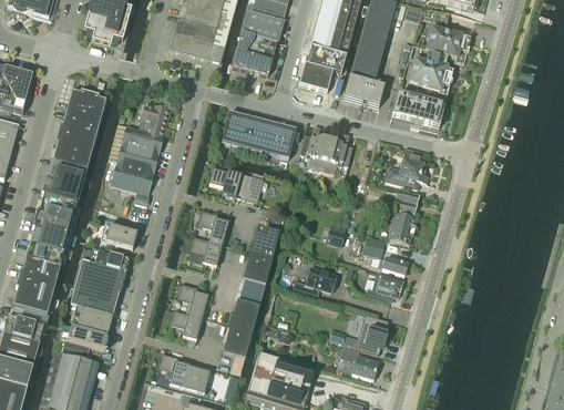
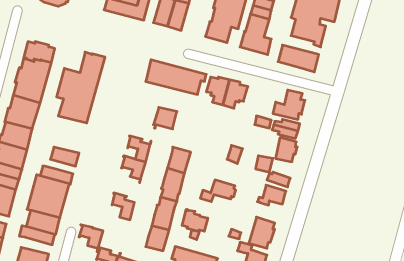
building: [211,166,238,196] -> none
building: none -> [182,209,208,232]
building: [171,310,202,345] -> [79,225,103,252]

